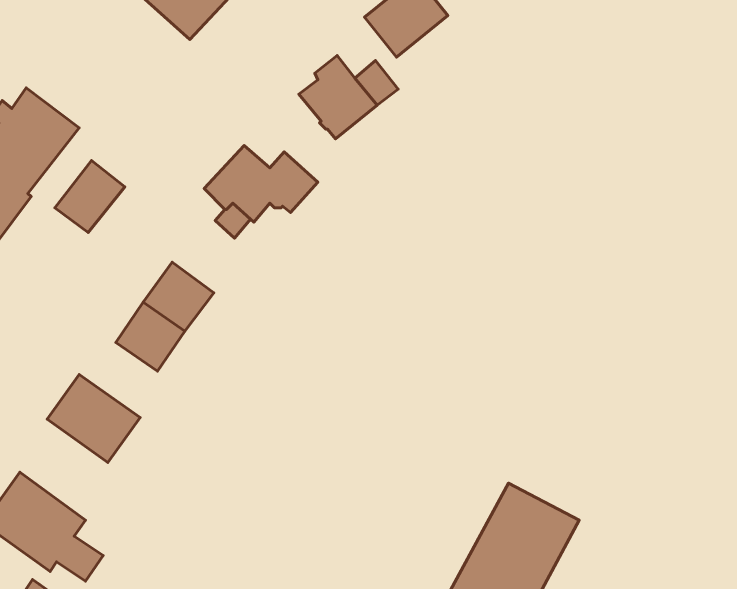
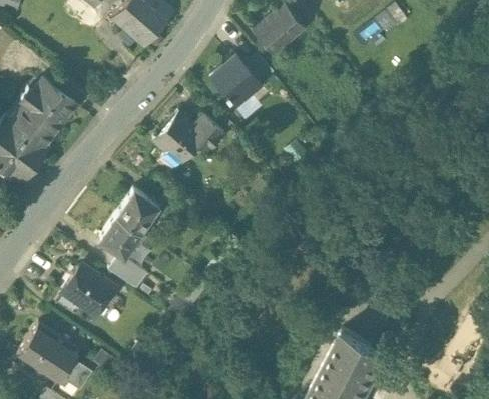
building: [55,161,125,233] -> none
building: none -> [108,253,145,285]

